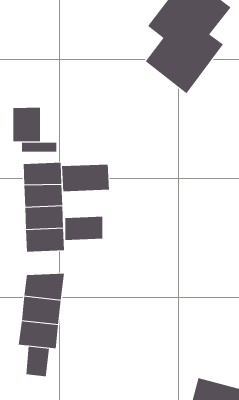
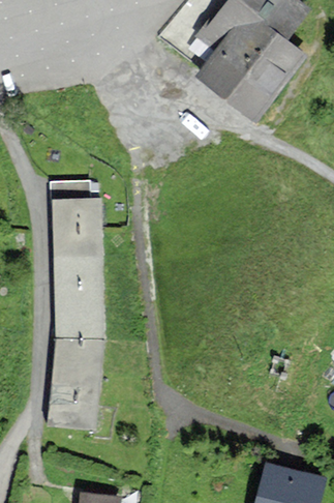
building: [13,107,40,142] -> none
building: [62,164,109,192] -> none
building: [64,216,103,240] -> [56,308,103,338]
building: [26,346,50,377] -> none

